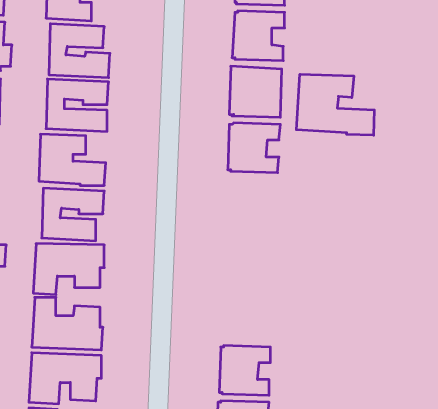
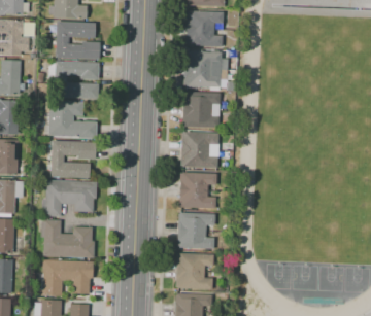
building: [296,74,374,135] -> none
building: none -> [183,133,222,169]
building: none -> [181,173,220,209]
building: none -> [179,213,217,250]

